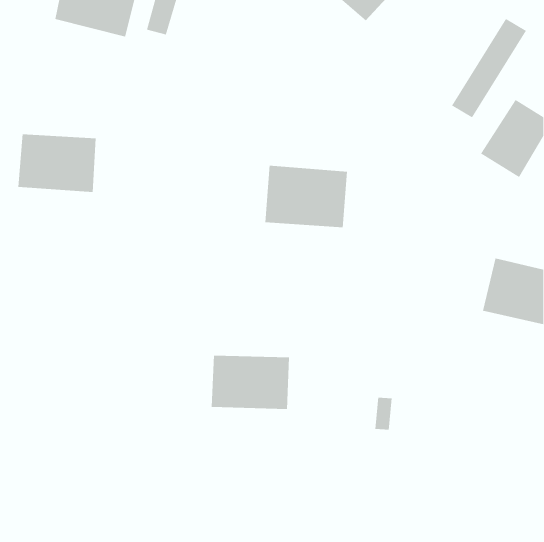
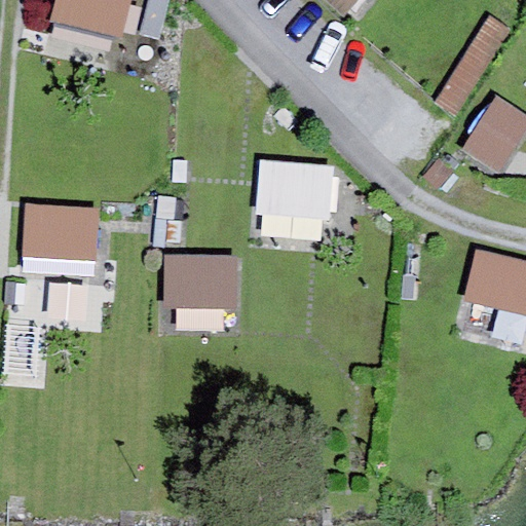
building: [18,134,97,193] -> [22,205,98,262]
building: [211,355,290,409] -> [163,256,239,308]

